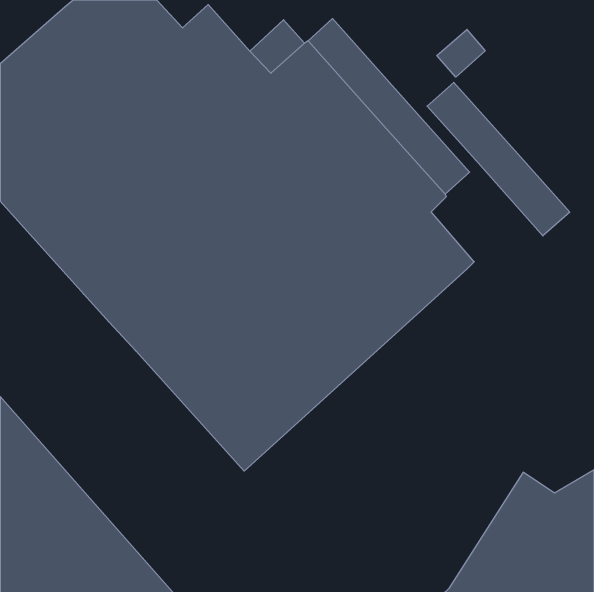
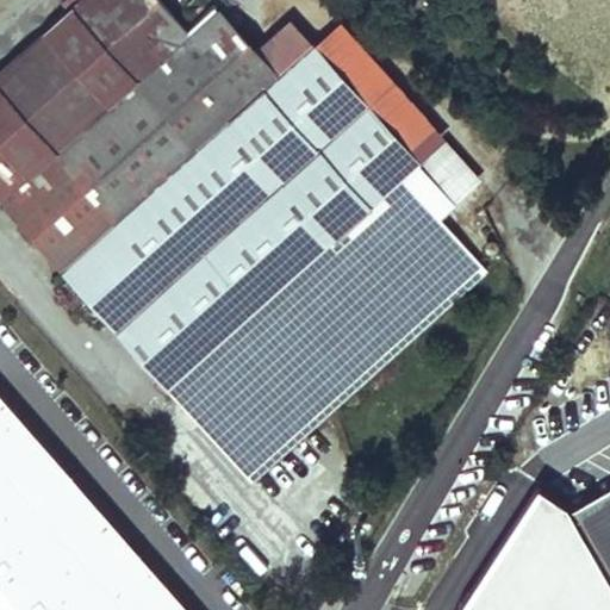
building: [437,29,485,77] -> none
building: [427,82,570,236] -> none

